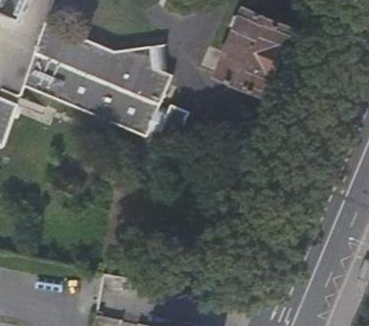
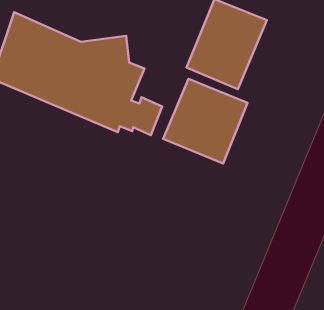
building: none -> [163,79,248,164]

